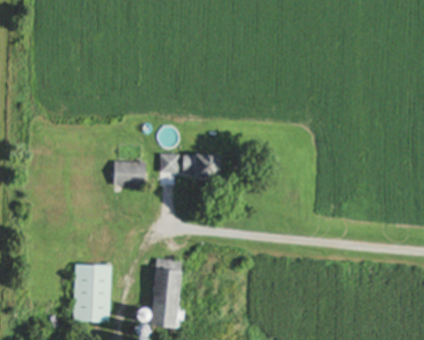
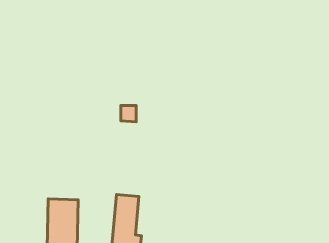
building: [182,155,219,178] -> none
building: [114,161,146,186] -> none

